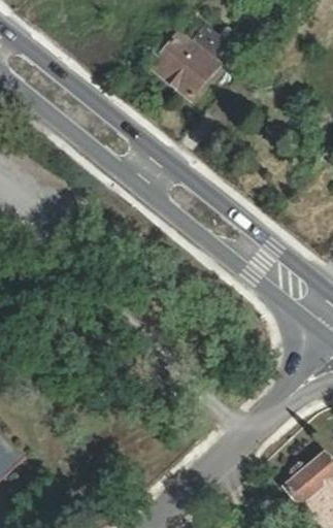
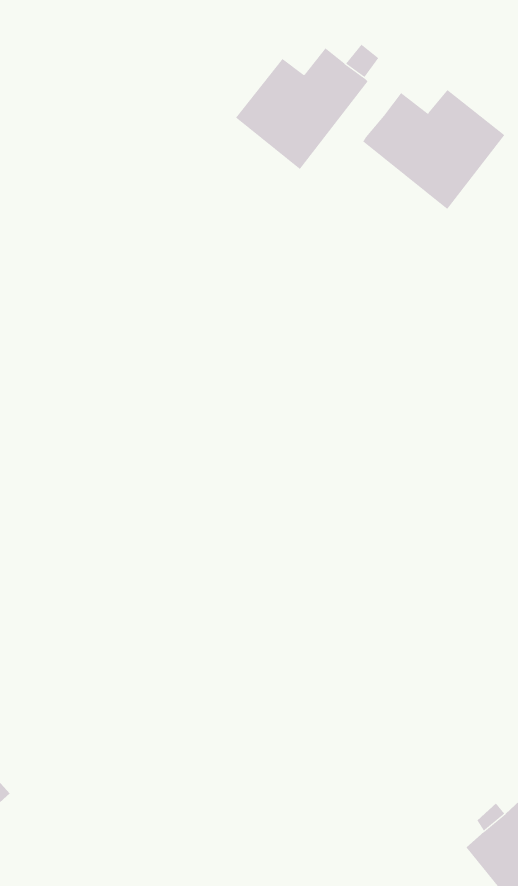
building: none -> [362,89,505,210]

